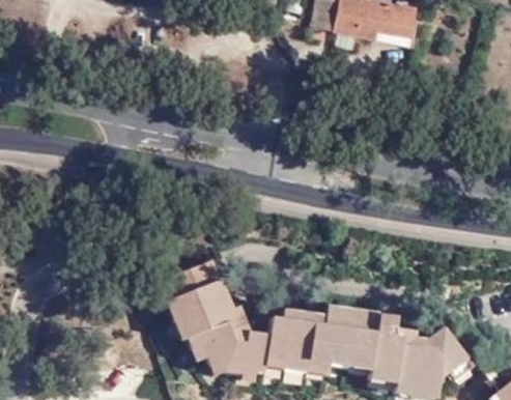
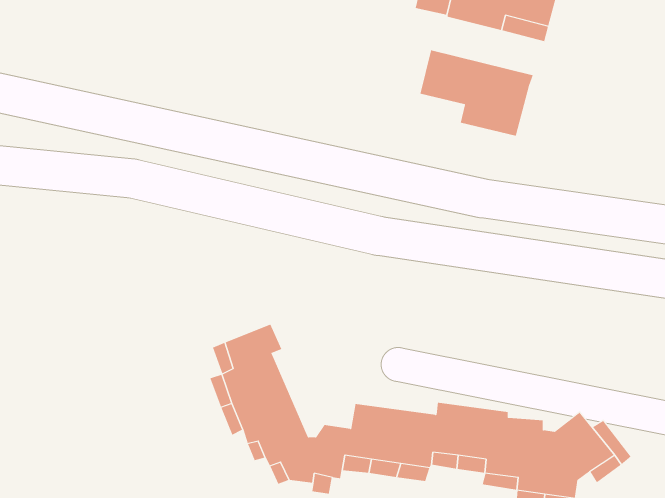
building: none -> [420,49,533,137]

